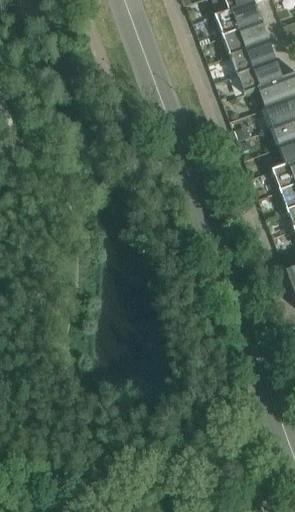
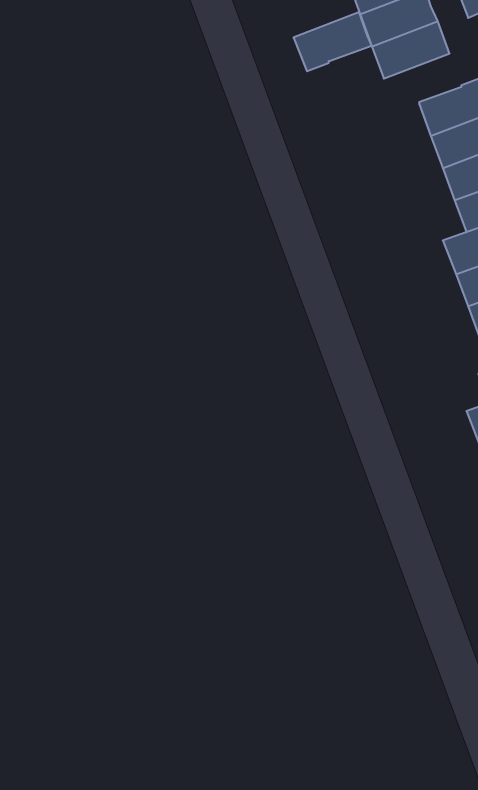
building: [237,57,283,92] -> [293,12,371,71]

